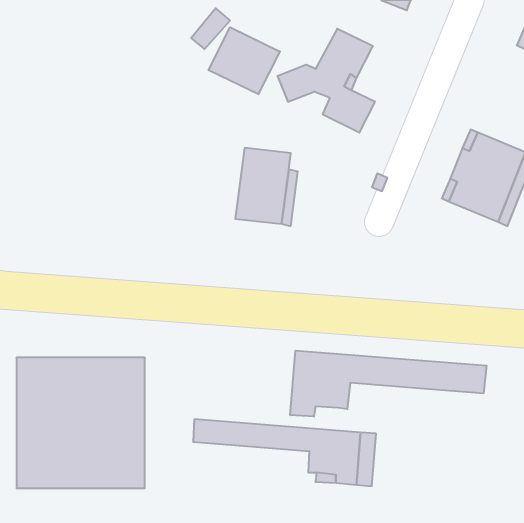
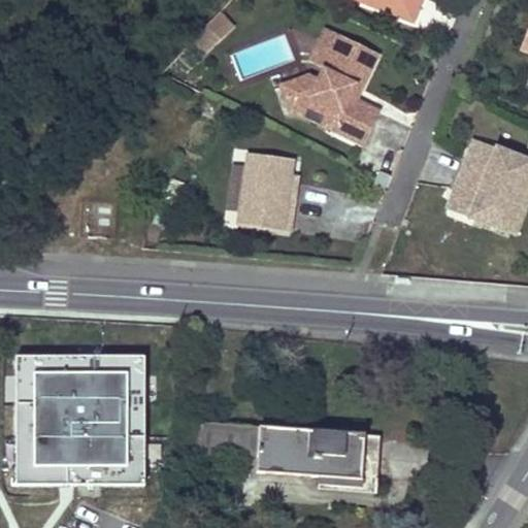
building: [209,27,280,94] -> none
building: [290,351,487,417] -> none
building: none -> [257,451,311,476]

